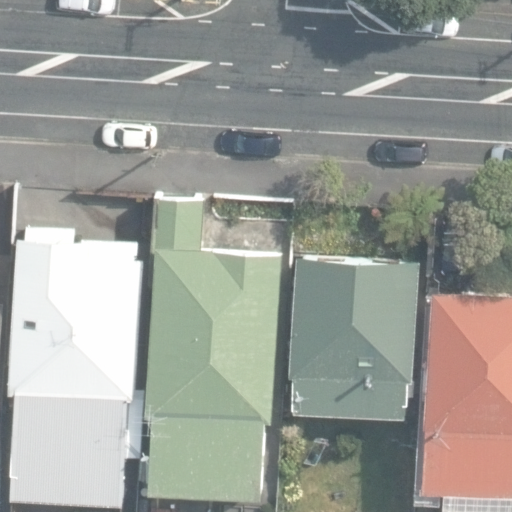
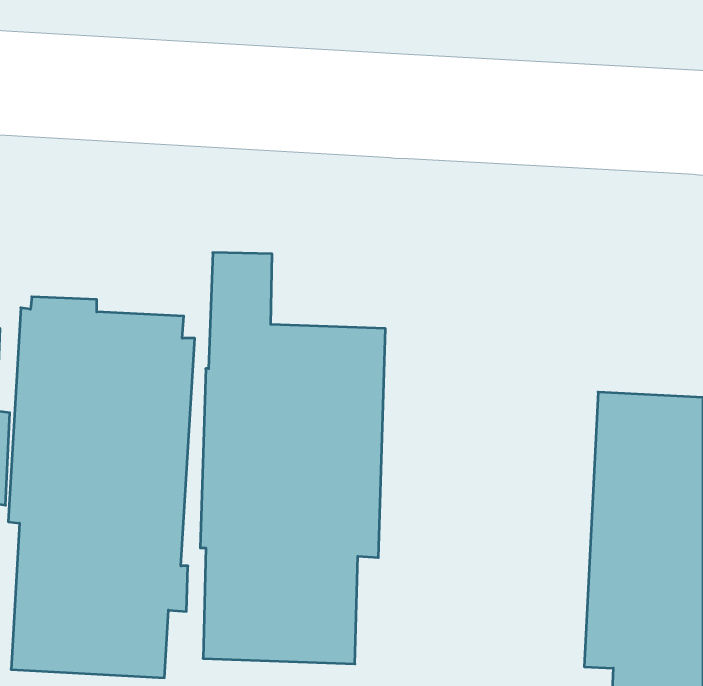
building: [290,264,424,424] -> none

